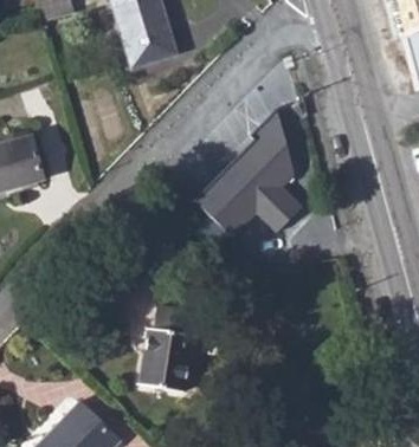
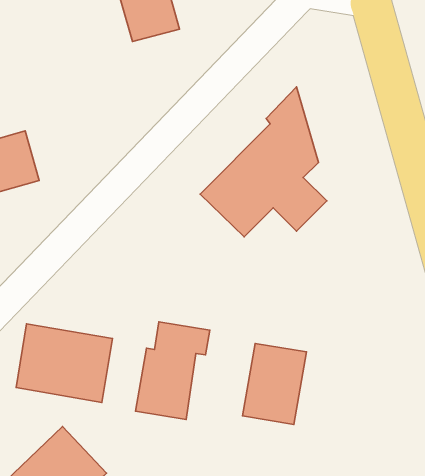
building: none -> [16,324,113,402]
building: none -> [242,343,307,424]

